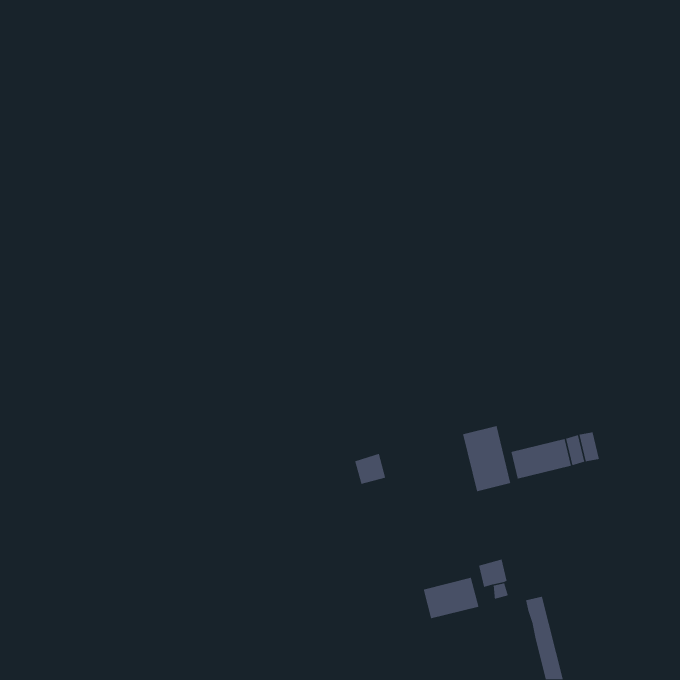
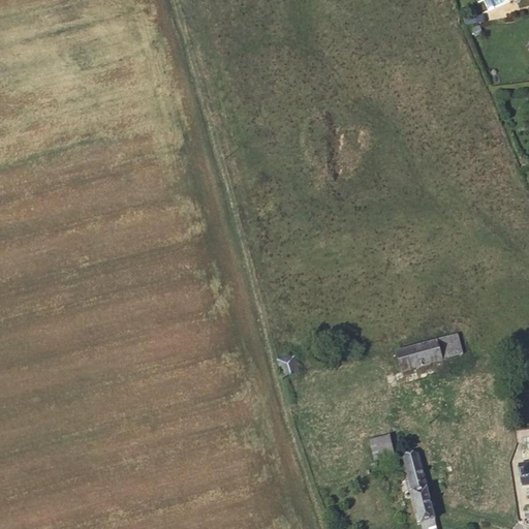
building: [462,425,511,492] -> none
building: [423,577,479,619] -> none

